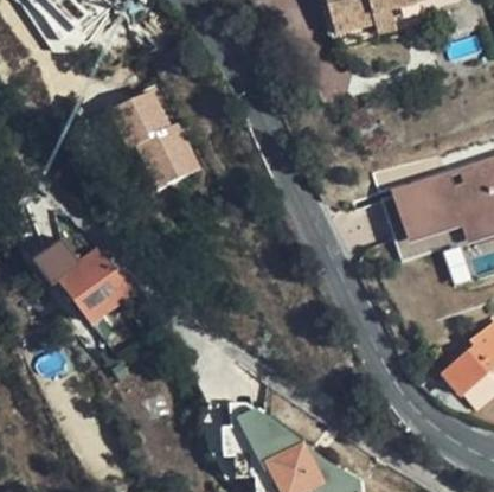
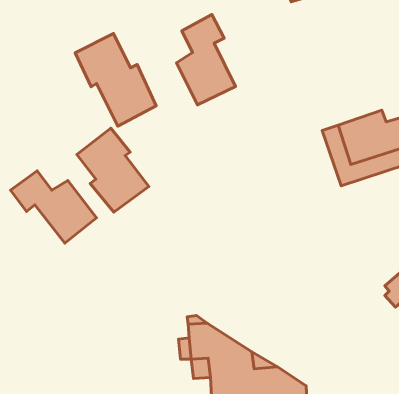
building: none -> [176,15,236,105]
building: none -> [77,128,149,212]

